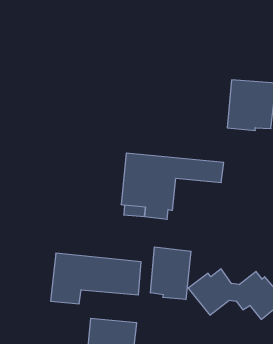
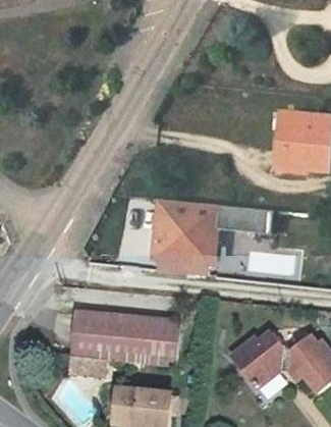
building: [151,247,191,300] -> none

